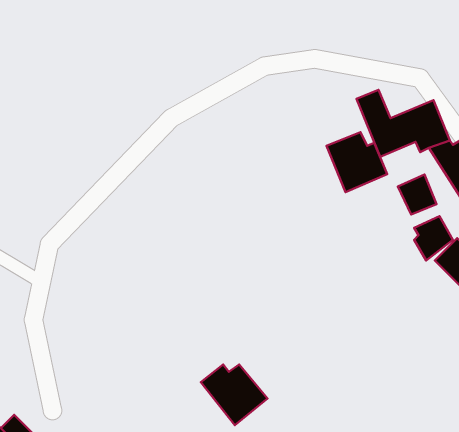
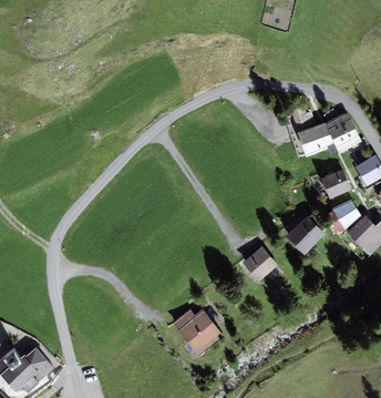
building: [326,132,387,192] -> none
building: none -> [287,216,325,254]
building: none -> [240,246,276,282]

